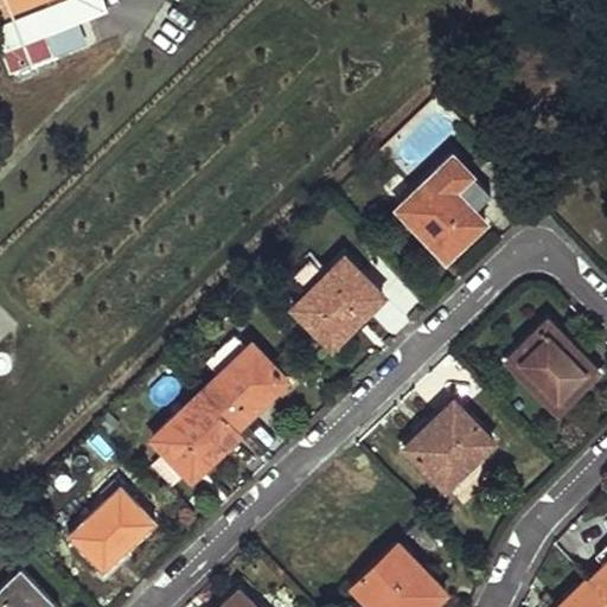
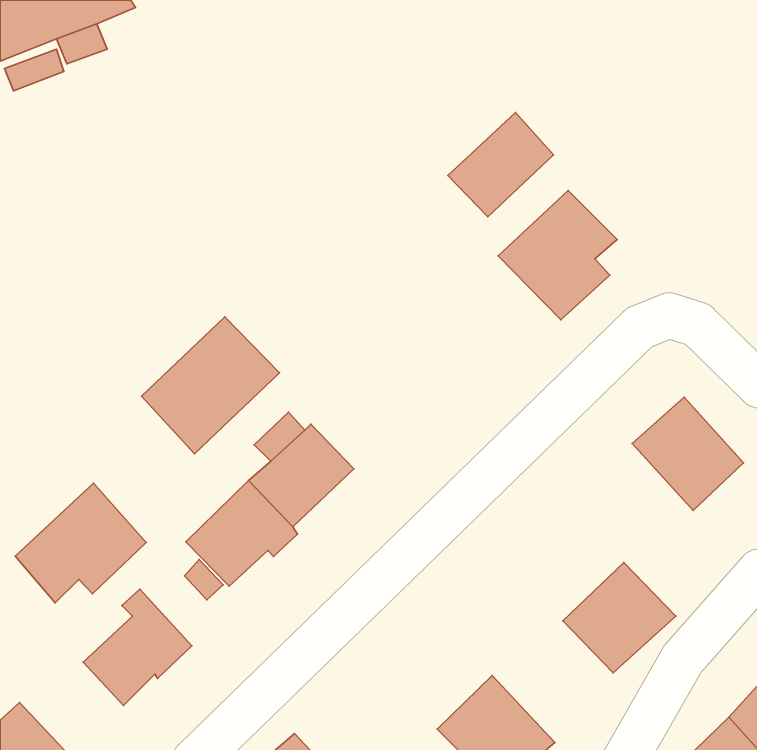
building: none -> [448,112,554,217]
building: none -> [141,317,280,454]
building: [295,263,383,345] -> none
building: none -> [15,483,146,603]
building: [408,400,498,487] -> [563,563,676,673]

